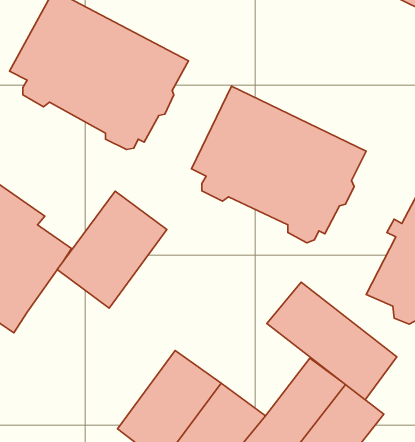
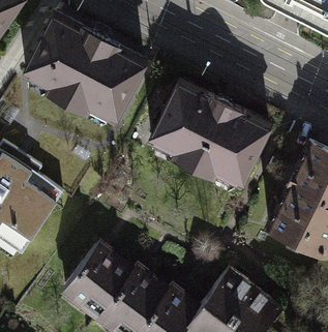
building: [57,191,167,308] -> [60,236,137,318]
building: [267,282,397,400] -> none

